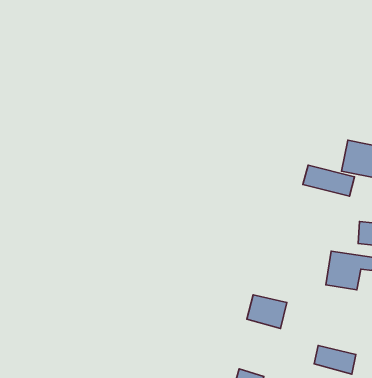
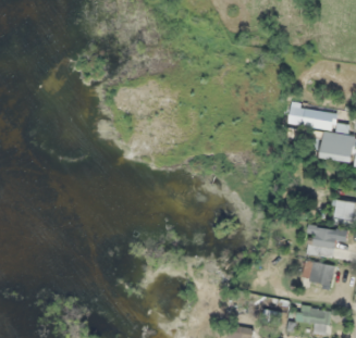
building: [303,165,355,196] -> [293,105,336,132]
building: [247,295,287,328] -> [303,260,336,288]

